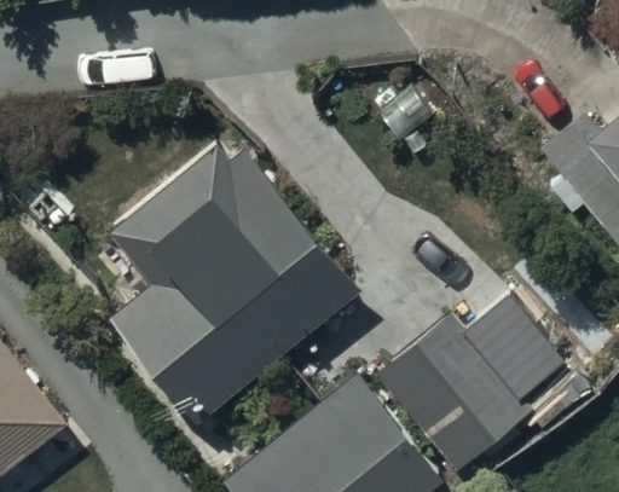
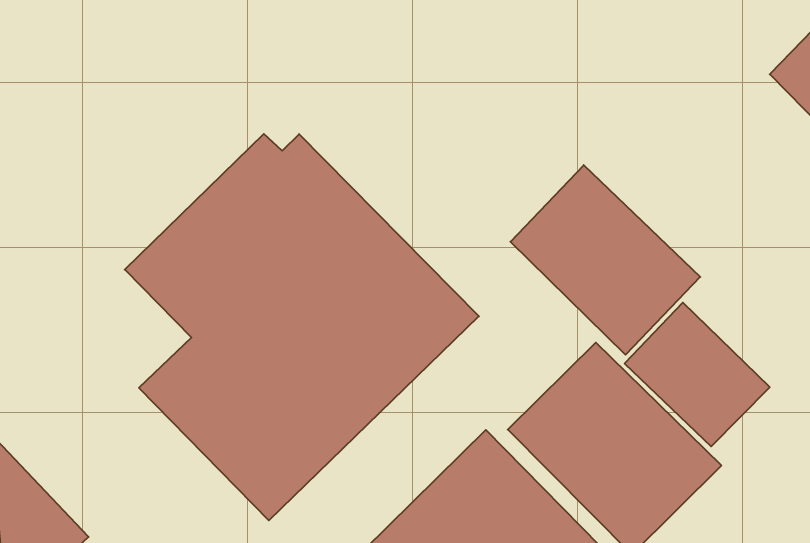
building: none -> [510,165,700,355]

